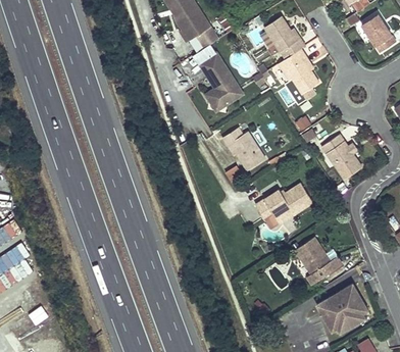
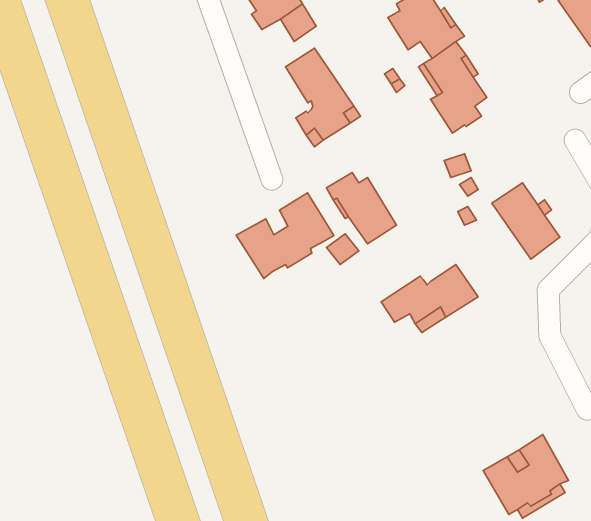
building: none -> [236,193,334,278]
building: [295,237,343,285] -> none

